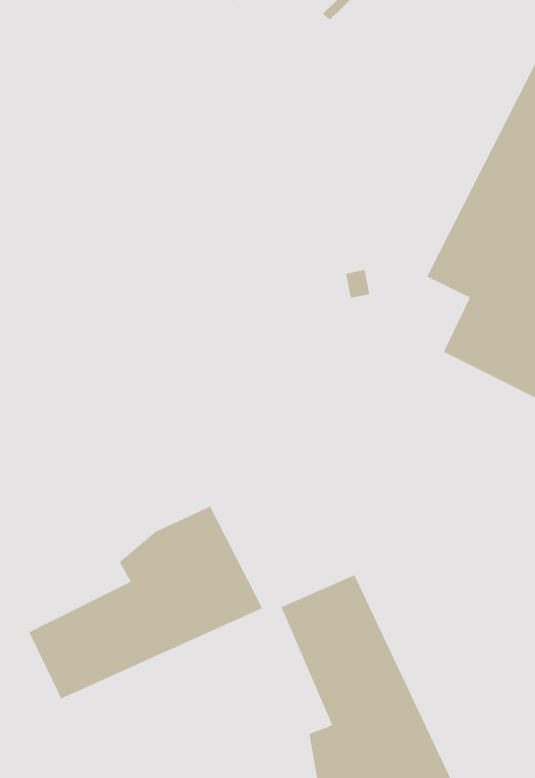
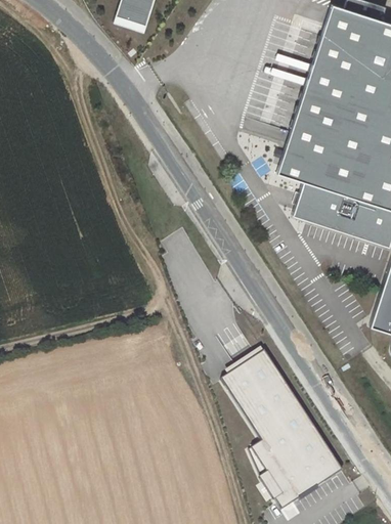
building: [28,506,263,699] -> none

